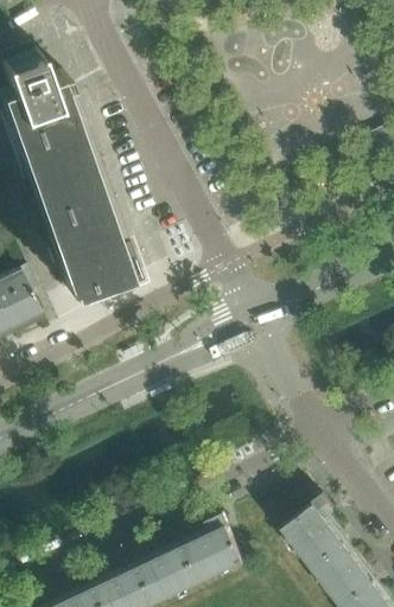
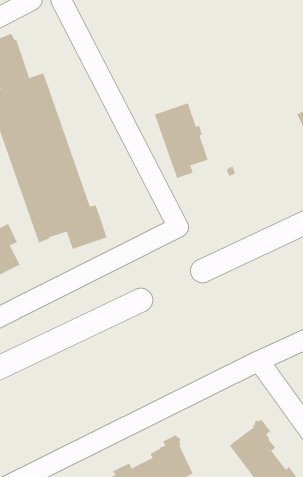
building: none -> [154,102,209,179]

